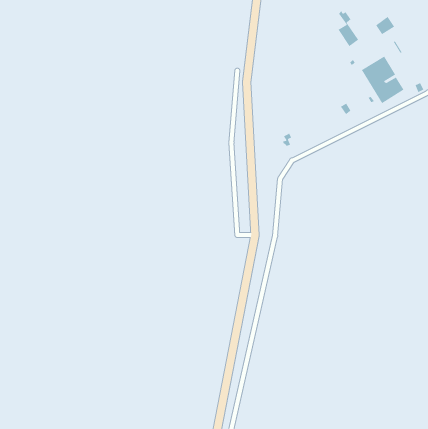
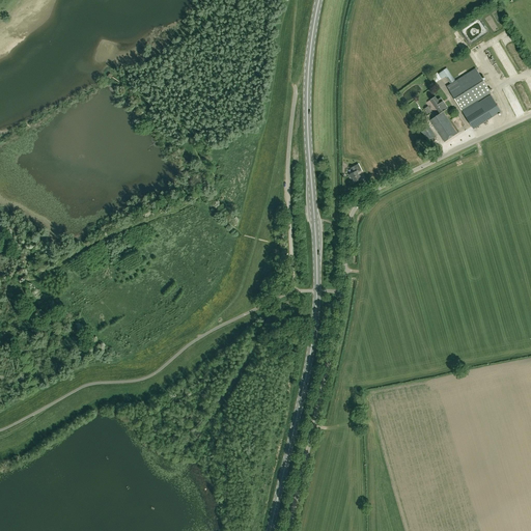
building: [337,10,359,47] -> [429,96,456,142]

